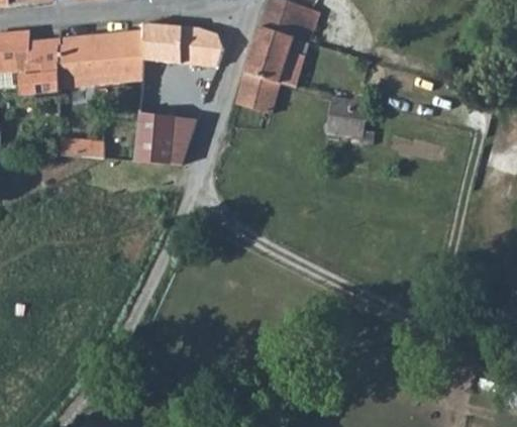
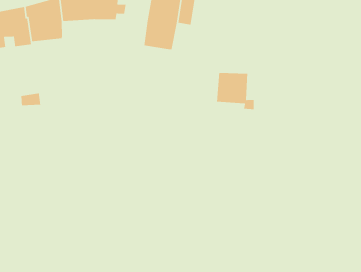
building: [323,96,370,147] -> [216,72,255,110]
building: [134,109,201,163] -> none

